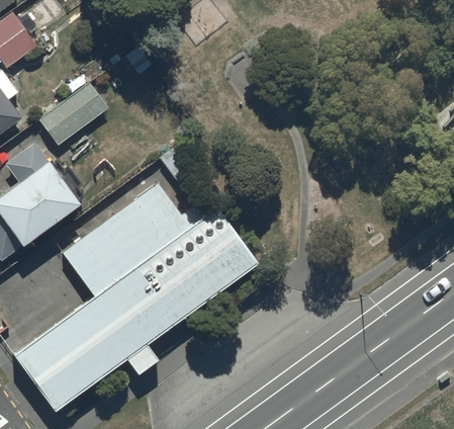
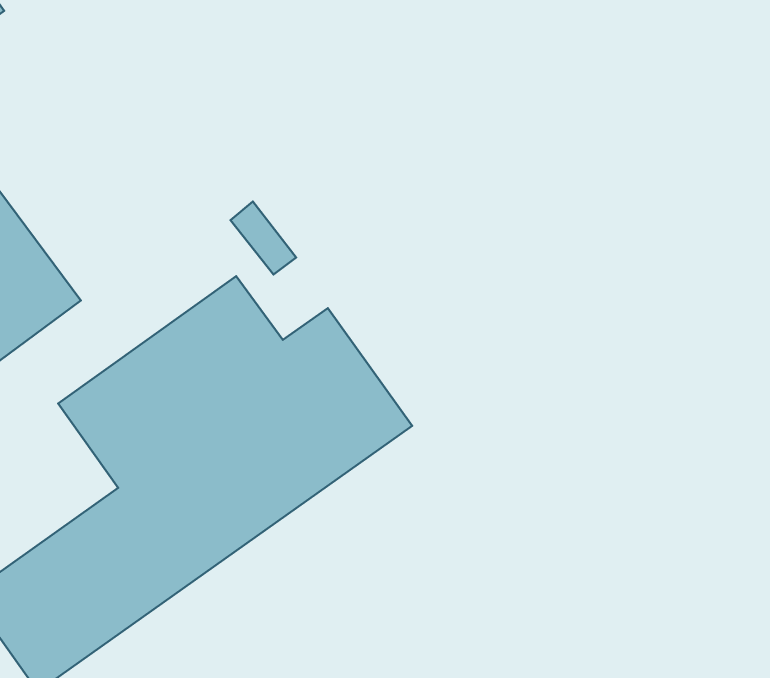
building: [39,82,107,144] -> none

